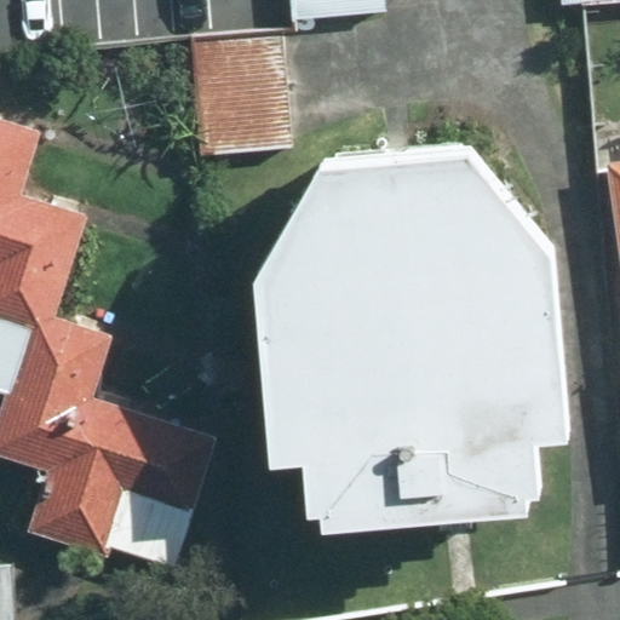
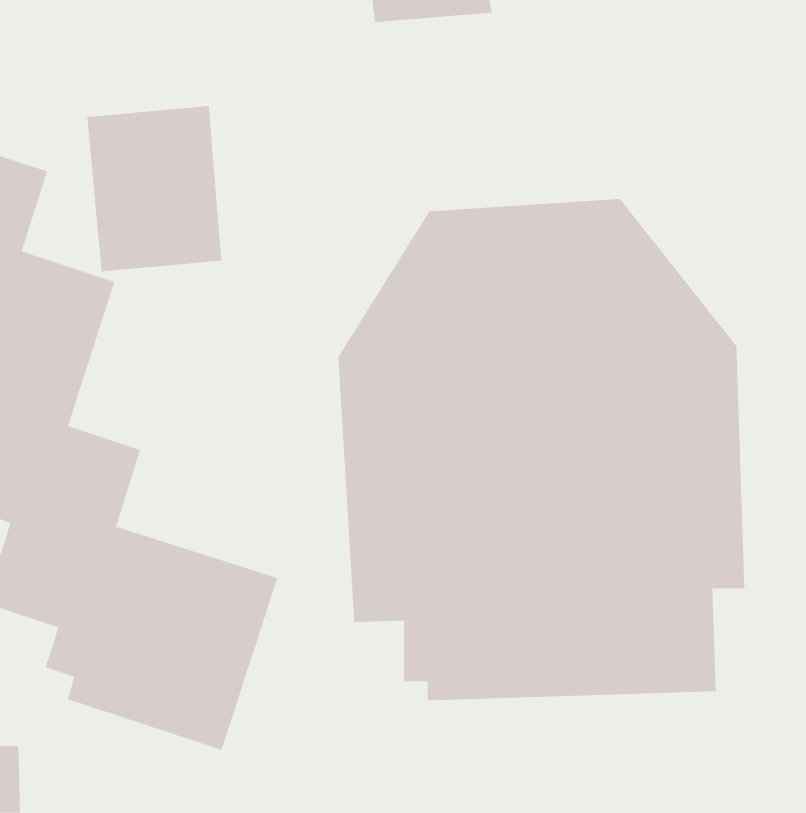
building: [182,27,285,153] -> [86,106,222,272]

